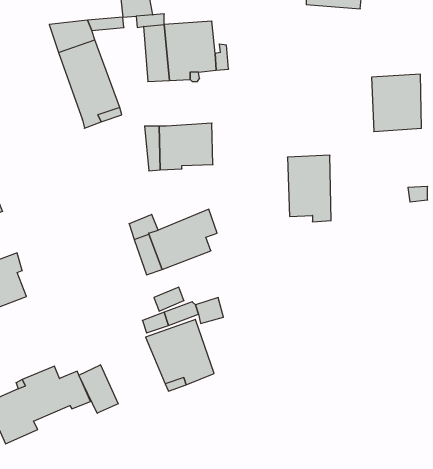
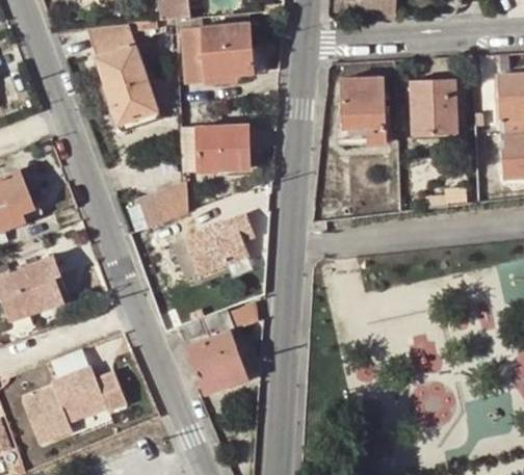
building: [287,155,331,222] -> [343,76,387,142]
building: none -> [137,181,191,229]
building: [79,365,118,413] -> none

